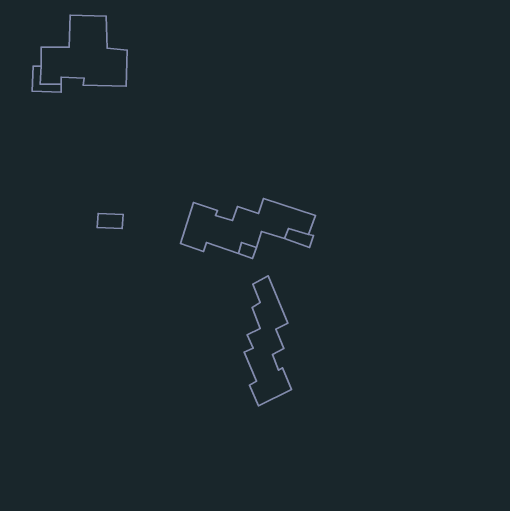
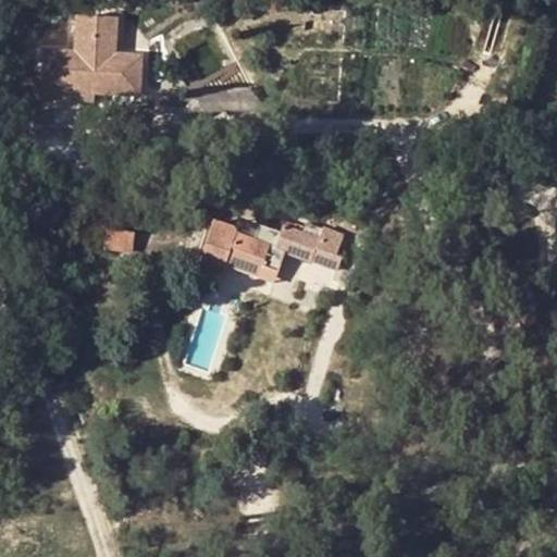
building: [244,276,292,406] -> none

